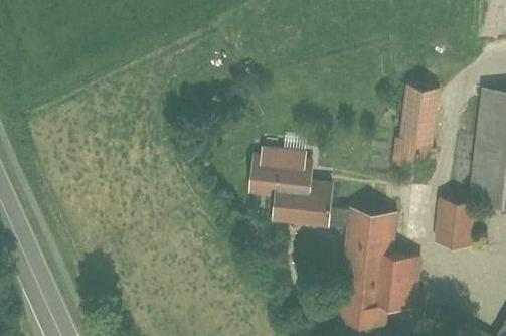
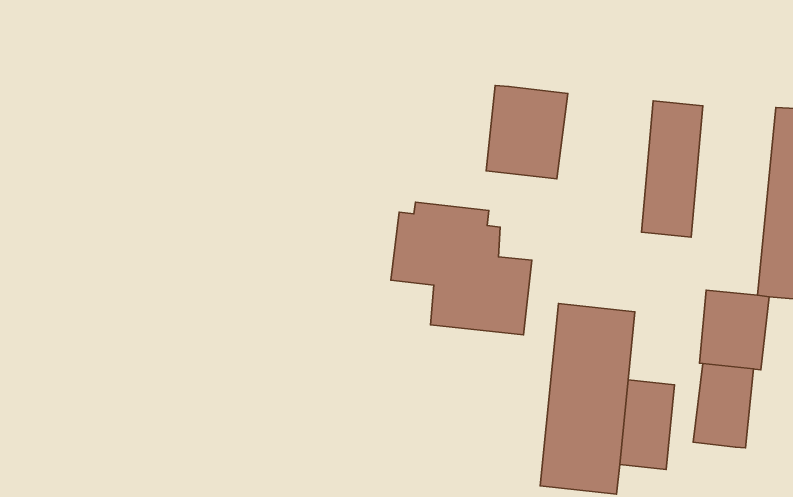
building: none -> [486,85,568,179]
building: none -> [693,363,754,448]

